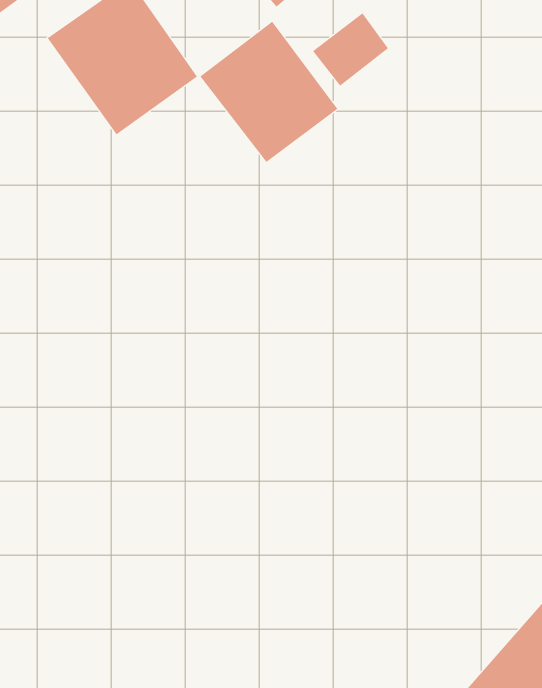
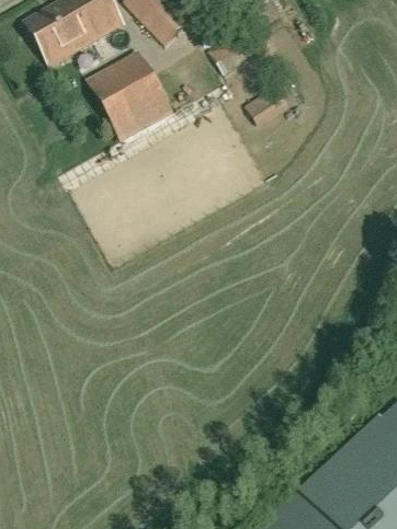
building: [200,21,338,163] -> none

